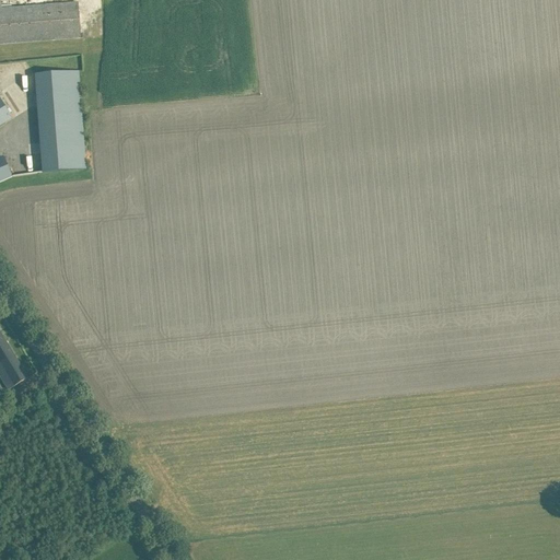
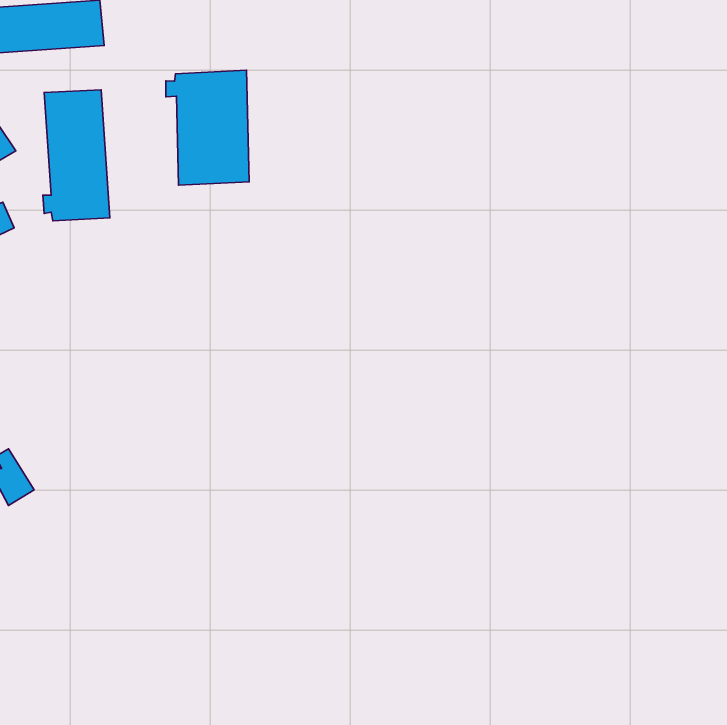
building: none -> [166,70,249,185]

